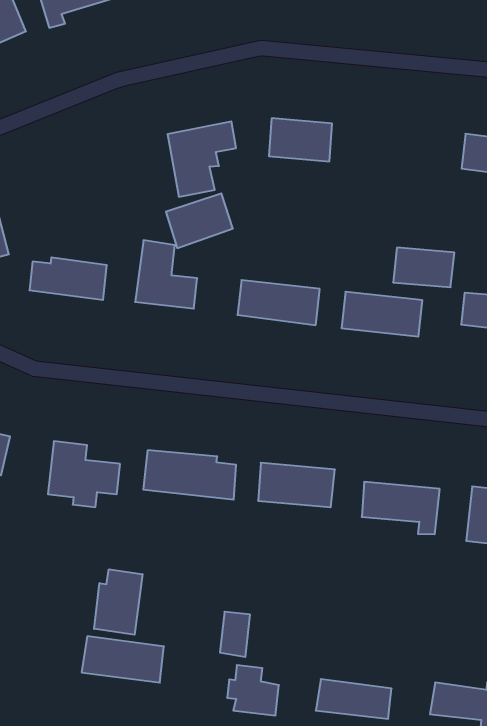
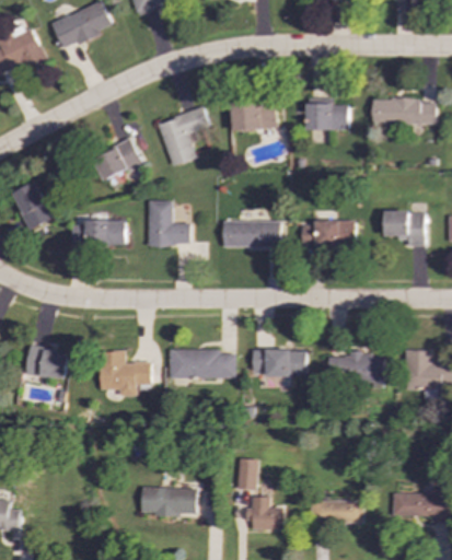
building: [166,193,233,248] -> [94,138,143,180]
building: [393,248,454,287] -> [306,103,348,129]
building: [94,569,142,635] -> none

